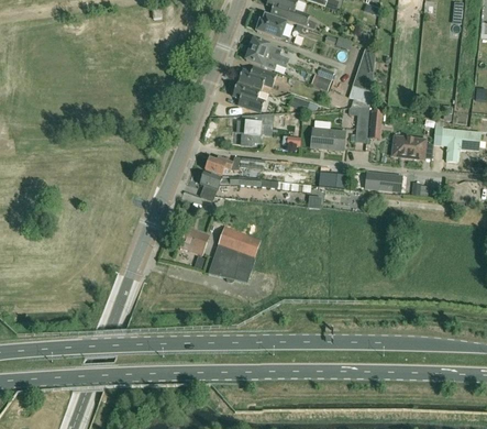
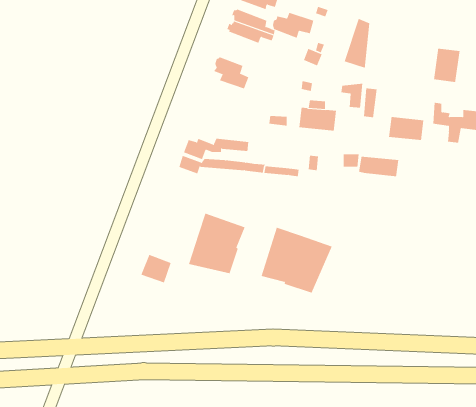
building: [237,66,276,90] -> [272,12,314,38]
building: none -> [433,48,460,83]
building: [237,113,269,145] -> none
building: [180,227,209,253] -> [140,254,172,283]
building: none -> [261,227,332,294]

